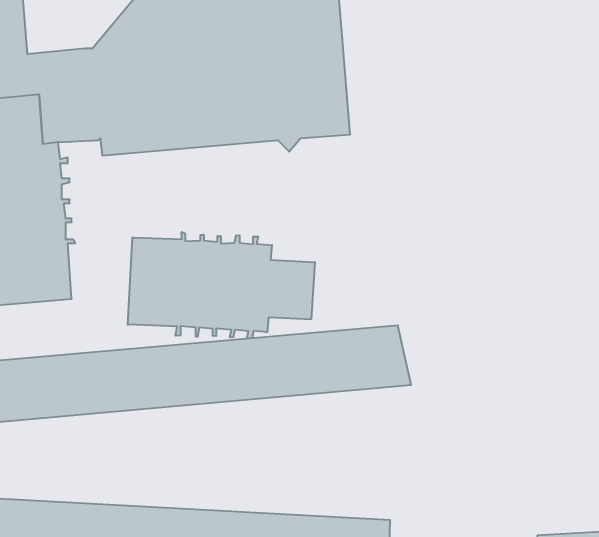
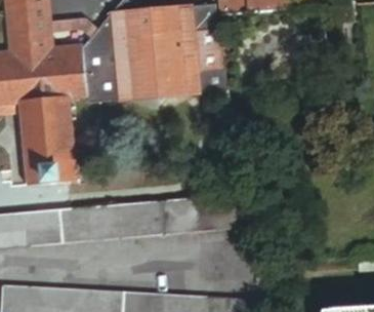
building: [128,232,315,339] -> none

